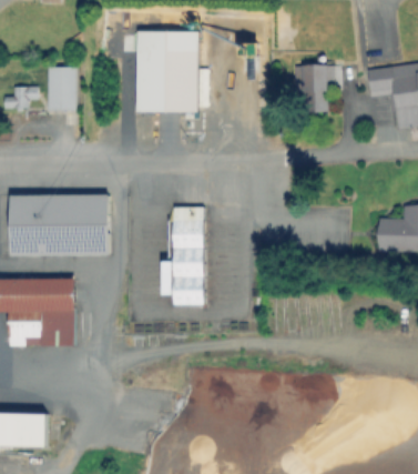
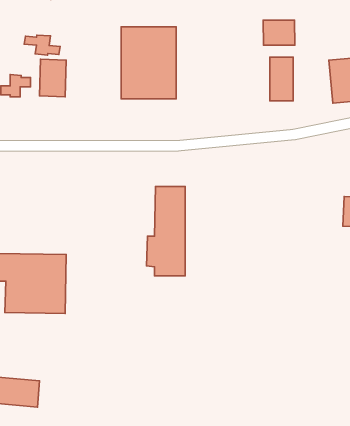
building: none -> [263,20,295,45]
building: none -> [24,35,60,55]
building: [12,194,108,254] -> none

